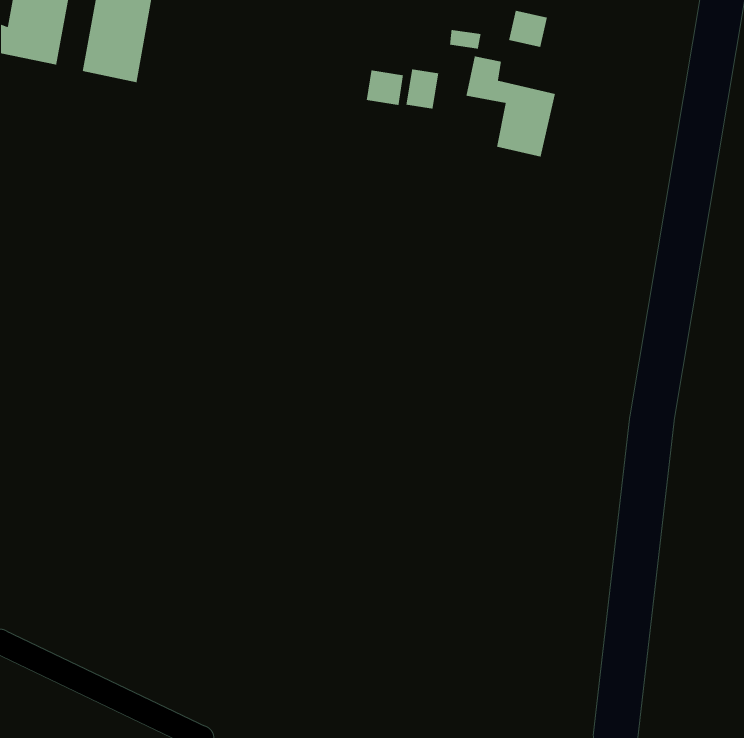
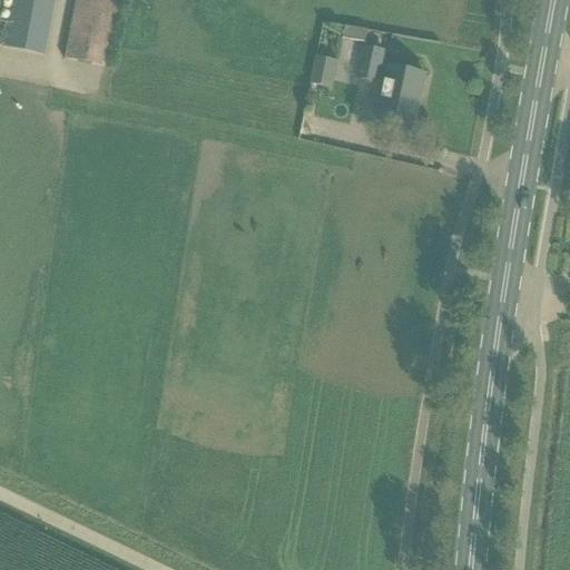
building: [508,10,548,48] -> none
building: [366,69,404,106] -> none

